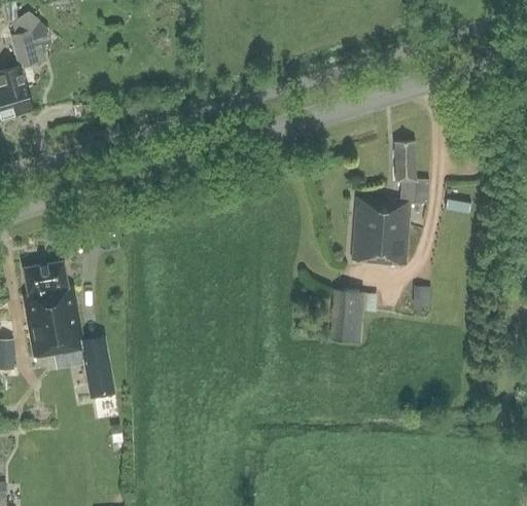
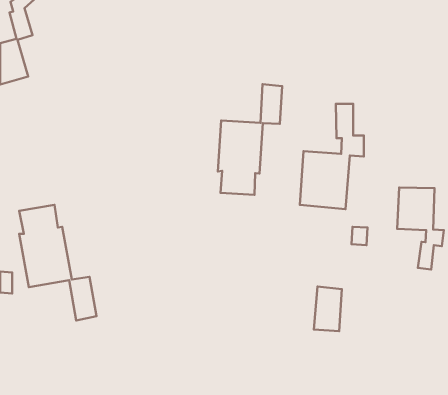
building: none -> [218,84,282,195]
building: none -> [397,187,444,269]
building: [330,290,363,342] -> [314,286,342,331]

